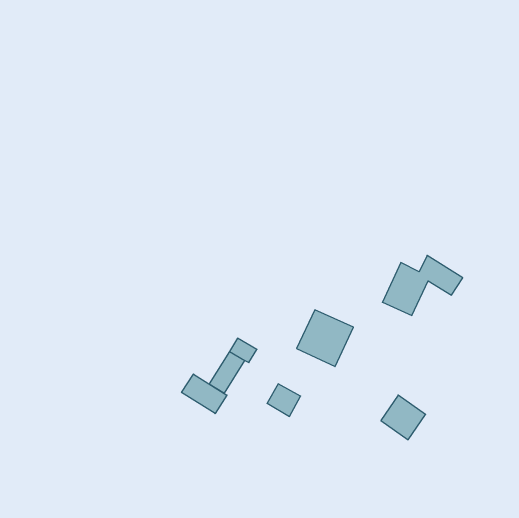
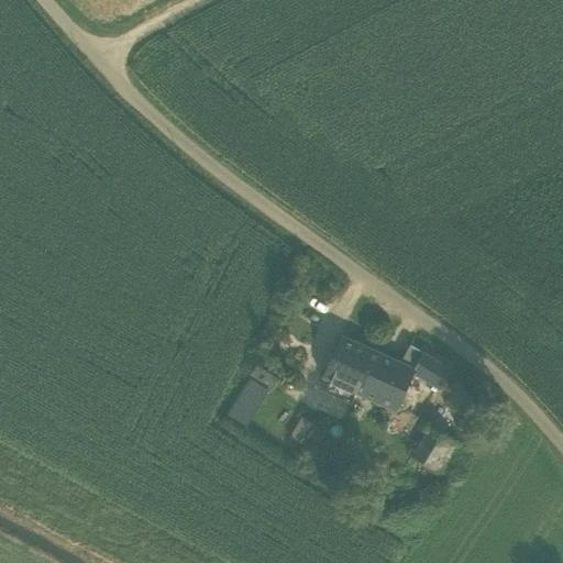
building: [382,255,463,315] -> [363,347,450,412]
building: [182,374,227,414] -> none

